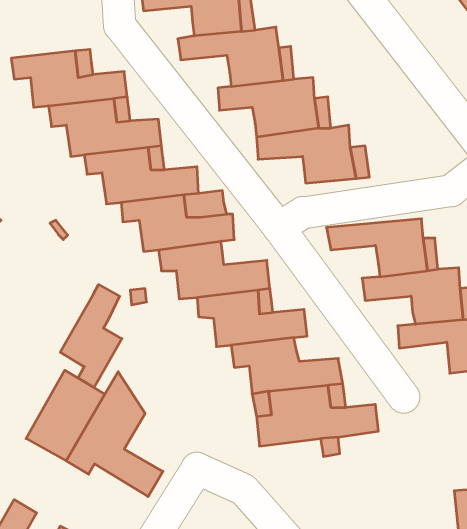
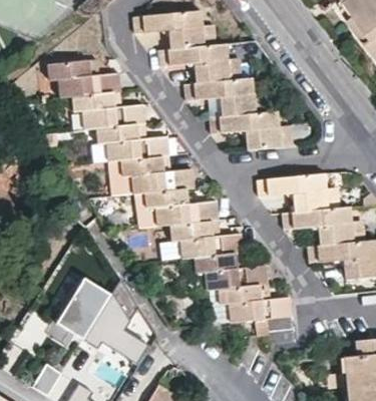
building: [60,285,122,388] -> none

